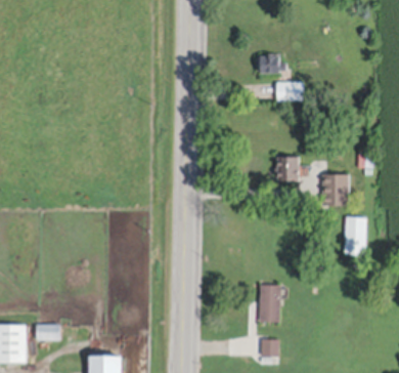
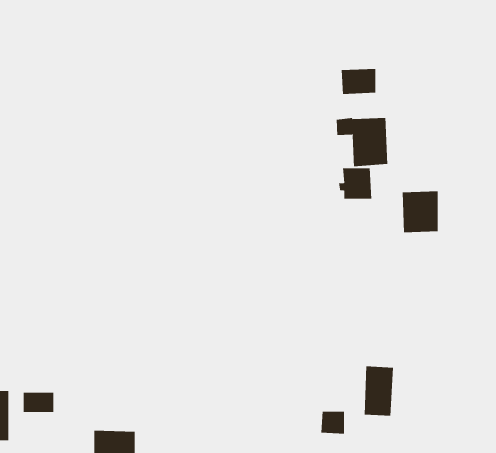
building: [260,53,285,71] -> none
building: none -> [336,117,388,167]
building: [344,216,366,254] -> none
building: [258,284,280,322] -> [364,366,394,416]

